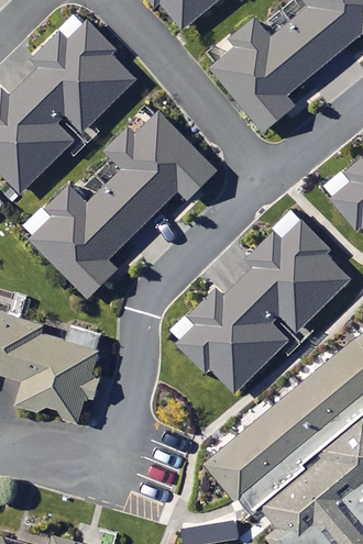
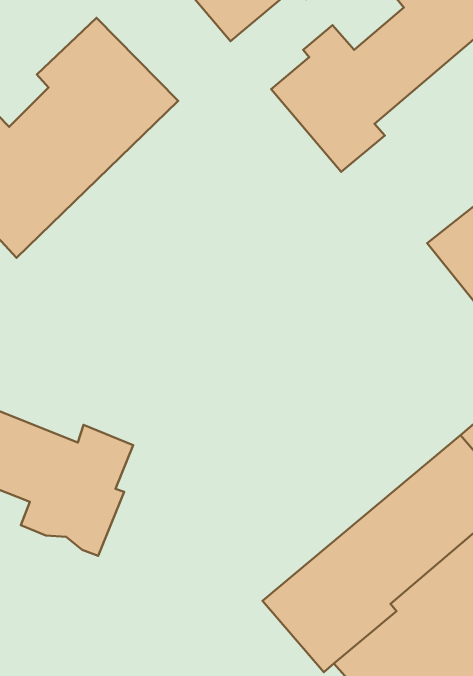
building: [21,113,218,300] -> none
building: [168,214,346,397] -> none

